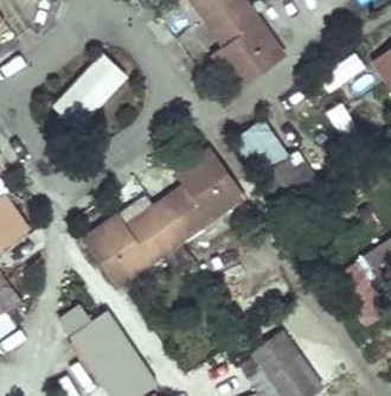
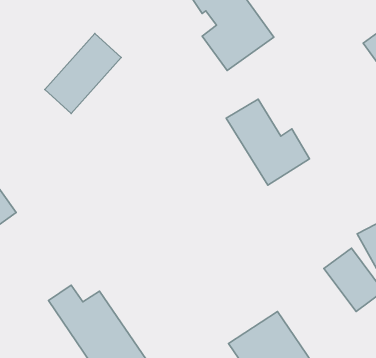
building: [82,148,243,286] -> none

